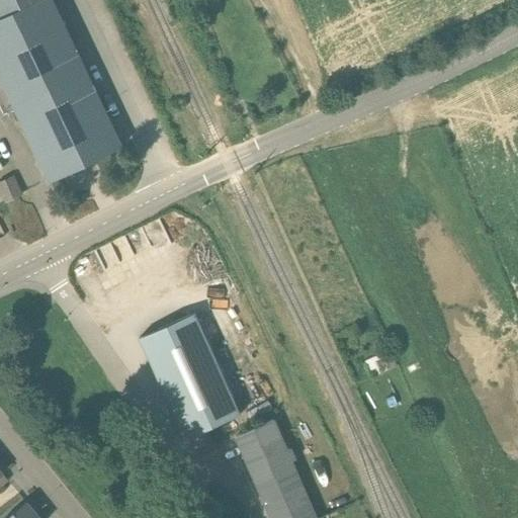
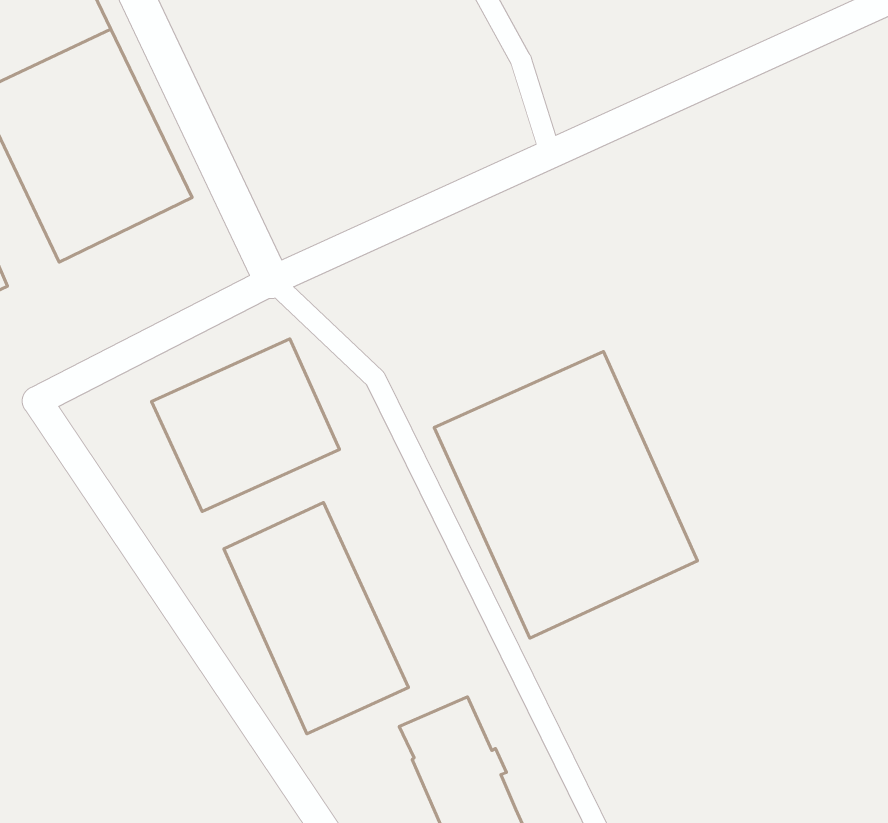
building: none -> [152,339,339,511]
building: none -> [434,352,698,638]

